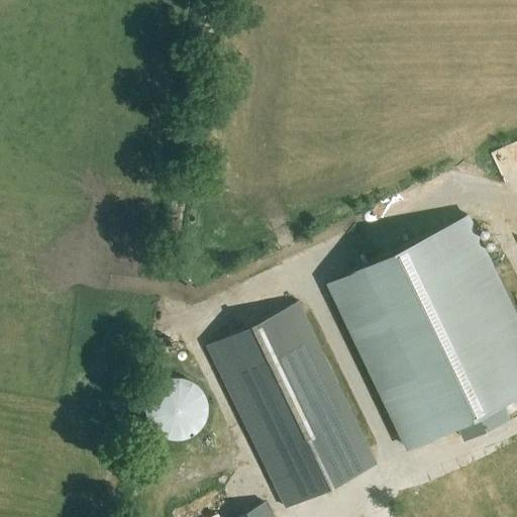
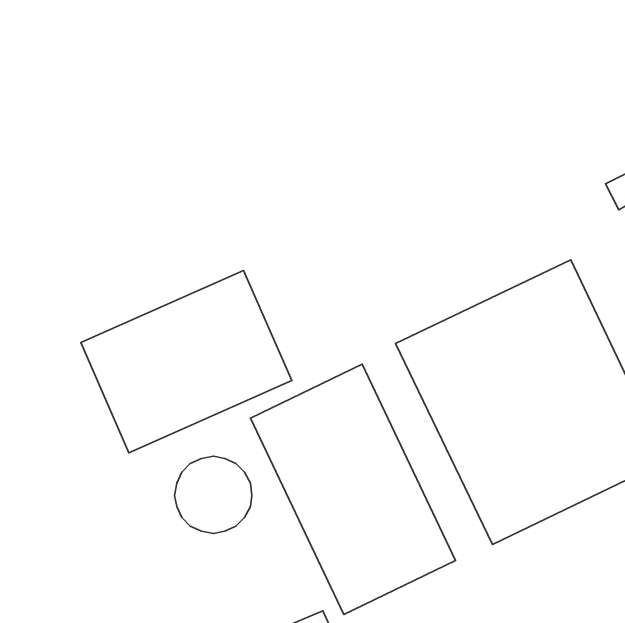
building: none -> [81,270,292,453]

